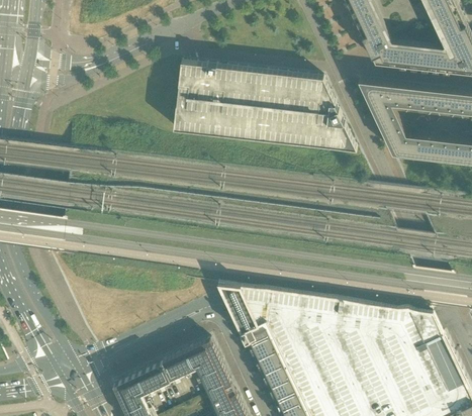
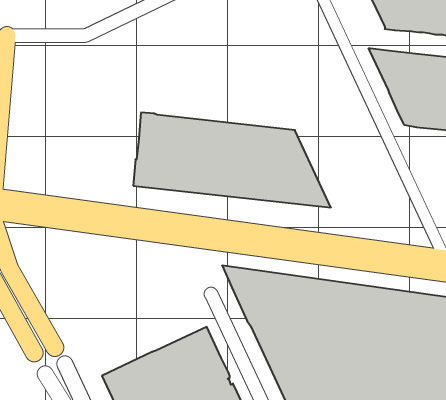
building: [174,63,357,150] -> [133,113,331,207]

